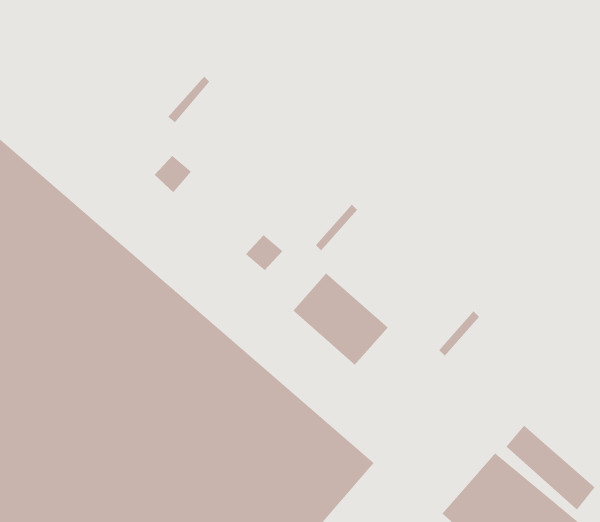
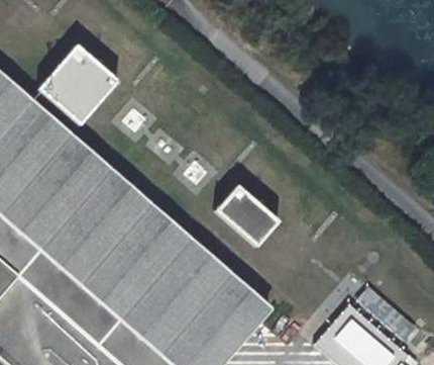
building: none -> [40,43,119,123]

